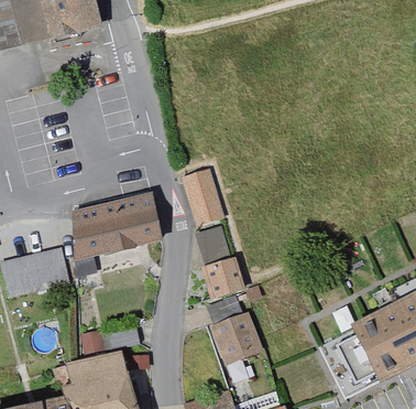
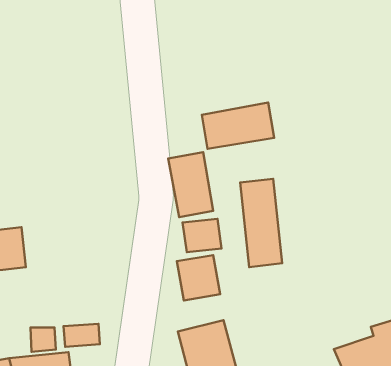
building: none -> [202,103,274,149]
building: none -> [240,179,282,267]
building: [66,198,163,260] -> none

